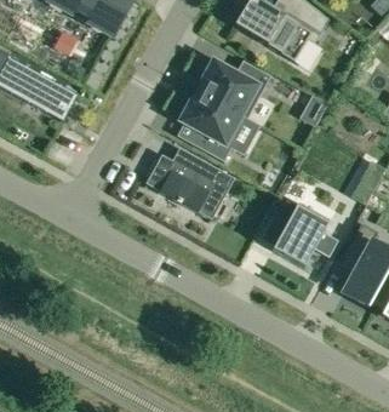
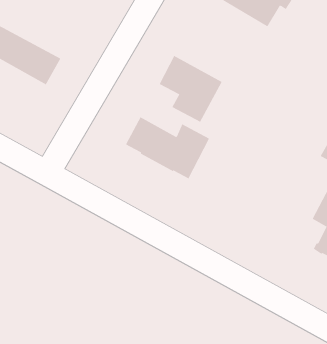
building: [196,61,270,118] -> none
building: [273,201,339,268] -> none

